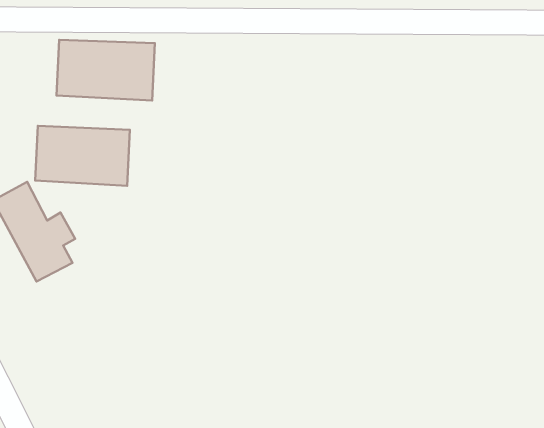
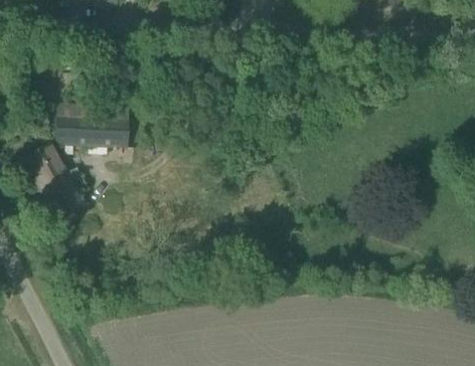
building: [57,40,155,100] -> none

